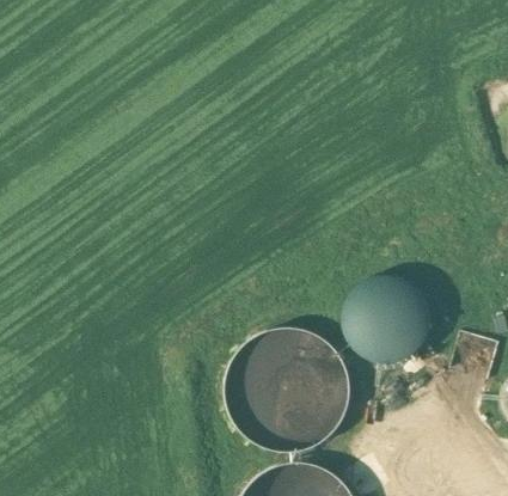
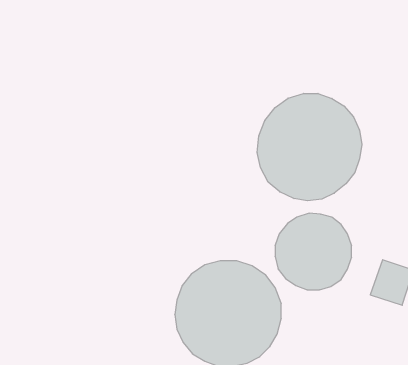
building: none -> [257,93,362,201]

